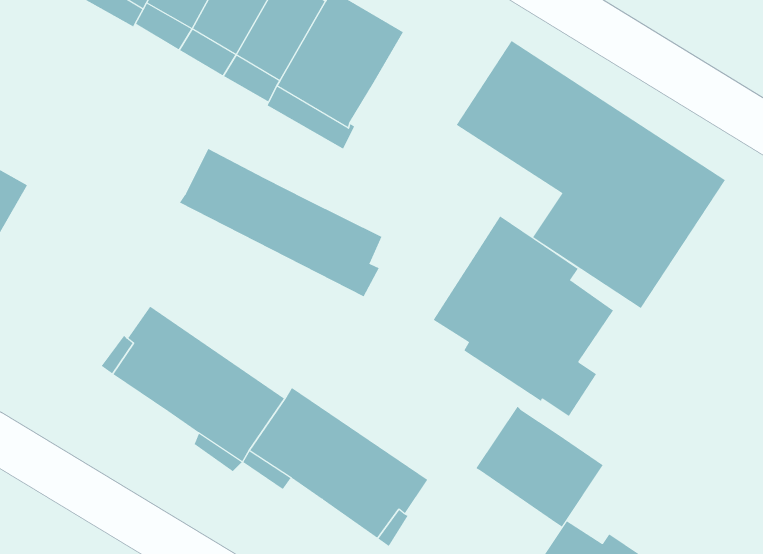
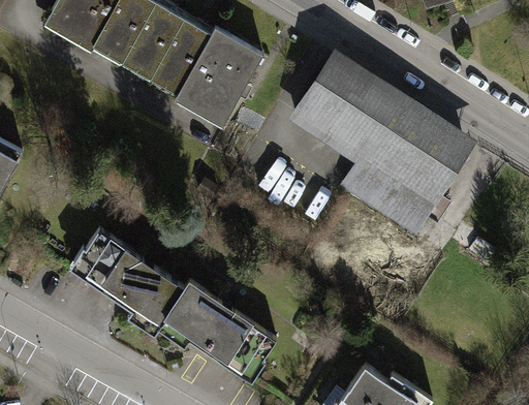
building: [179,148,382,297] -> none
building: [433,216,614,417] -> none
building: [476,406,604,528] -> none

